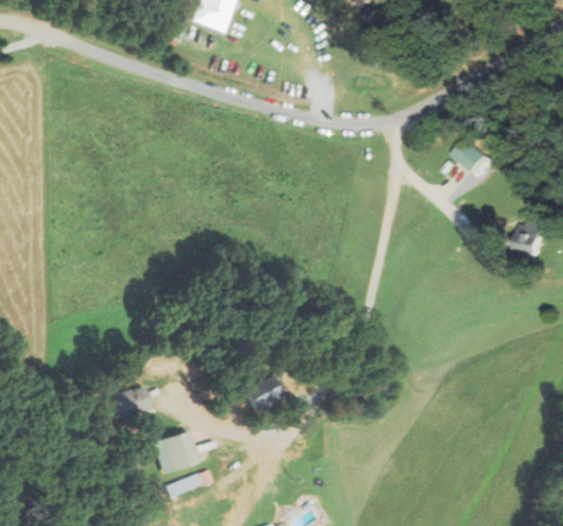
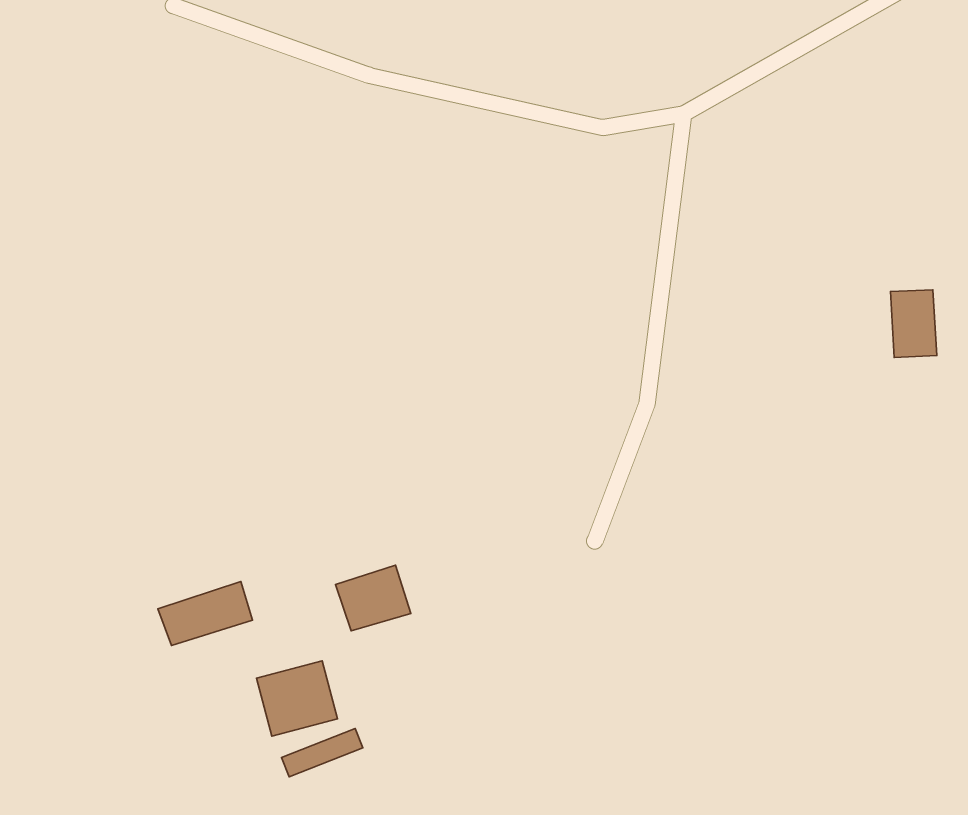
building: [446,138,483,172] -> none
building: [244,373,287,410] -> [336,565,411,631]

